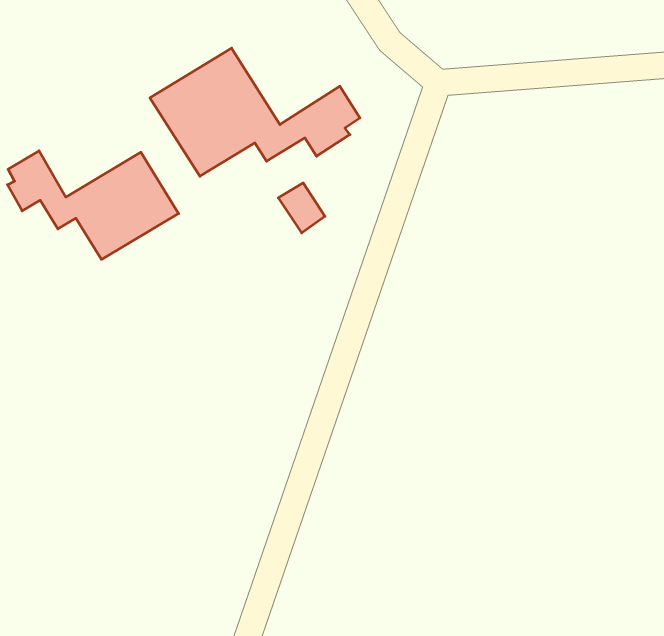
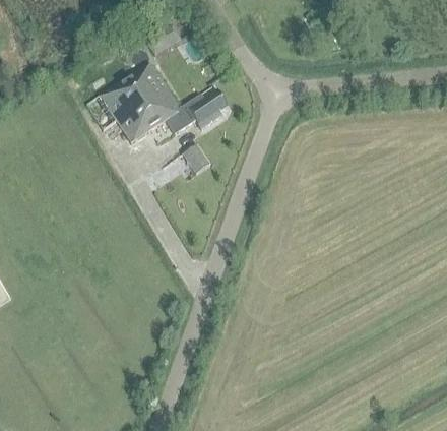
building: [7,151,179,259] -> none

